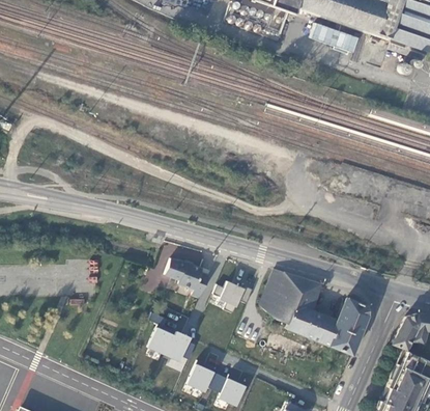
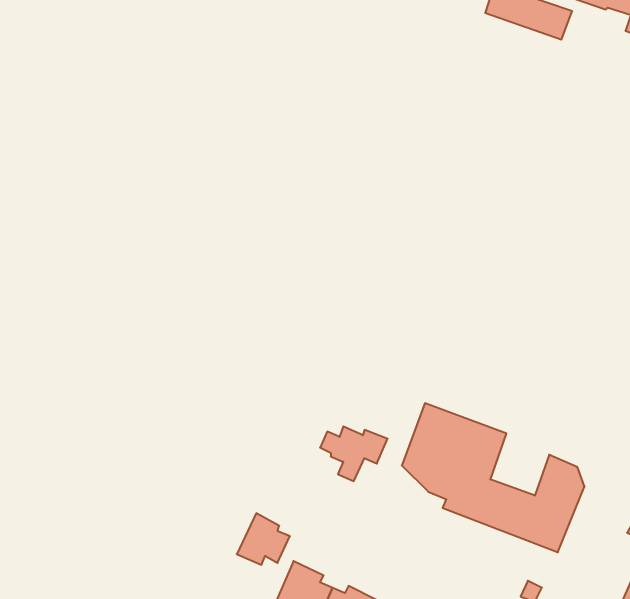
building: [165,256,210,296] -> none
building: [147,312,175,355] -> none

